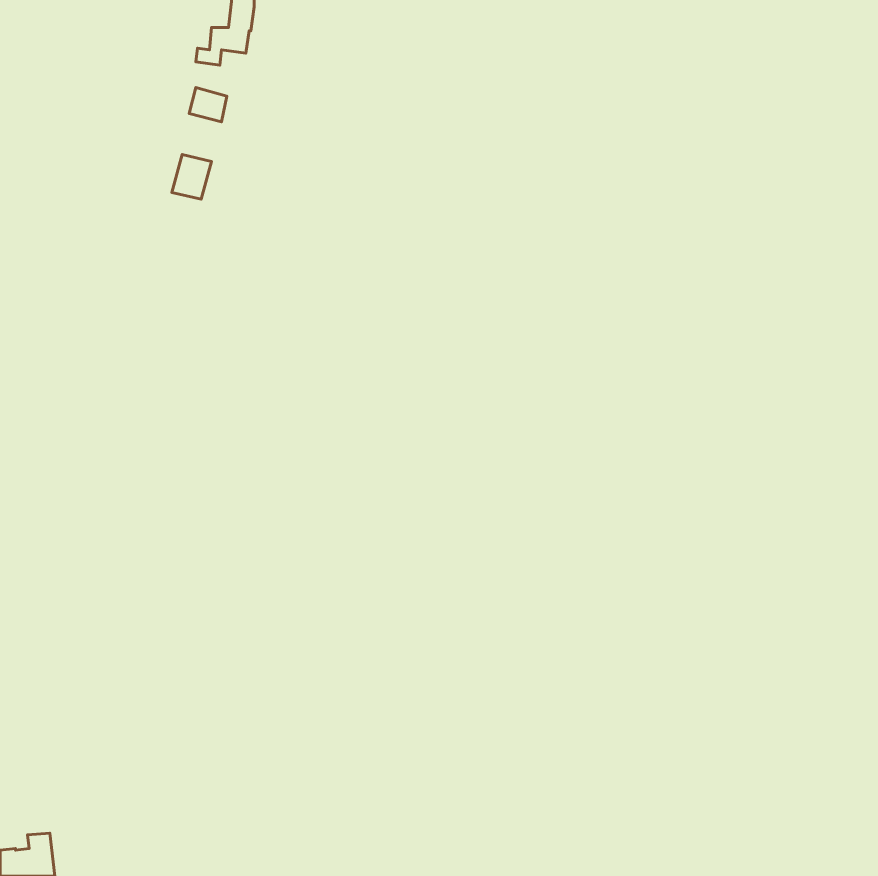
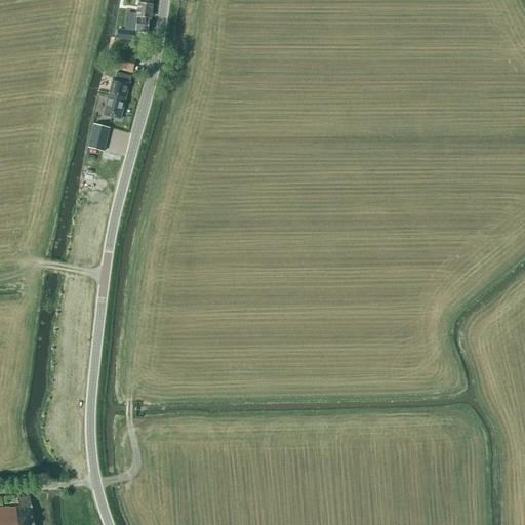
building: none -> [109,72,131,96]
building: none -> [87,123,110,151]

